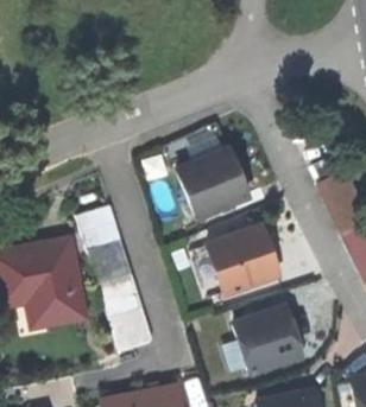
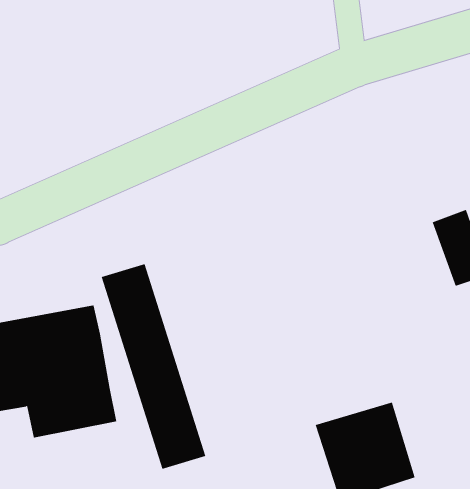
building: [172,146,250,220] -> none
building: [203,222,280,299] -> none

